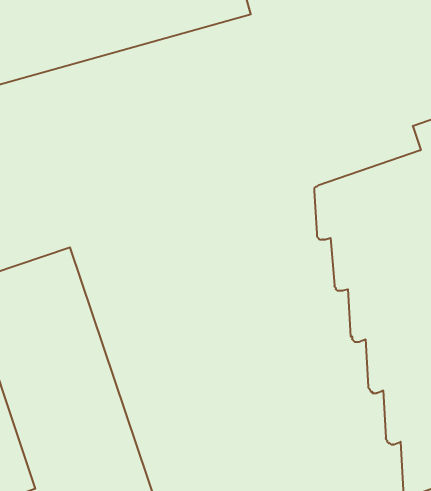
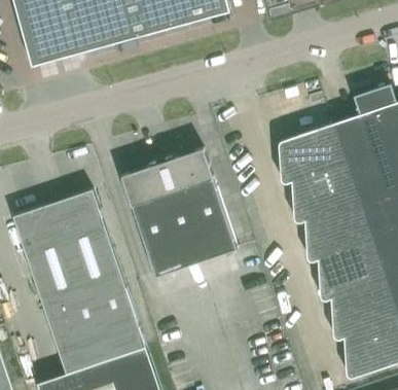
building: none -> [121,148,238,278]

